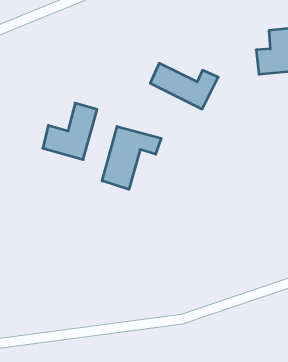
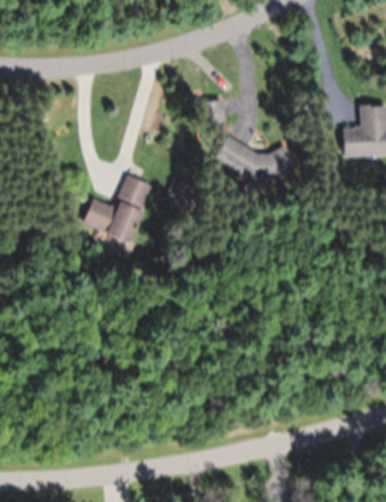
building: [102,126,161,189] -> none

